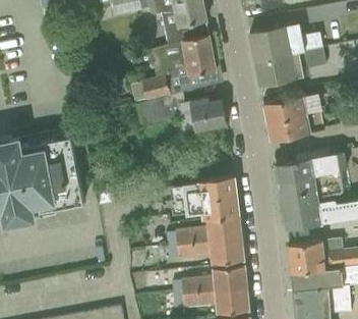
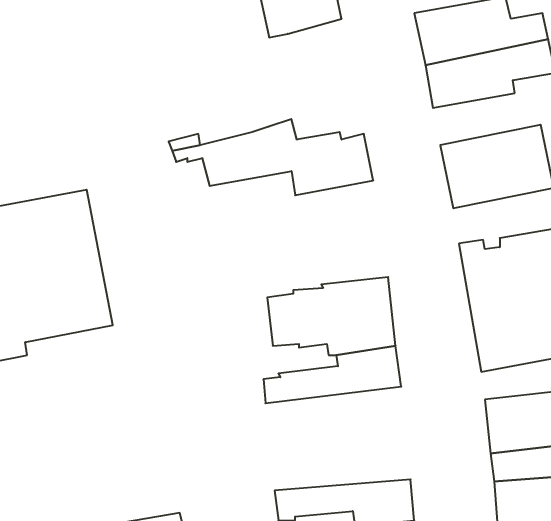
building: [130,36,216,102] -> none
building: [167,237,243,264] -> none
building: [171,266,246,295] -> none

